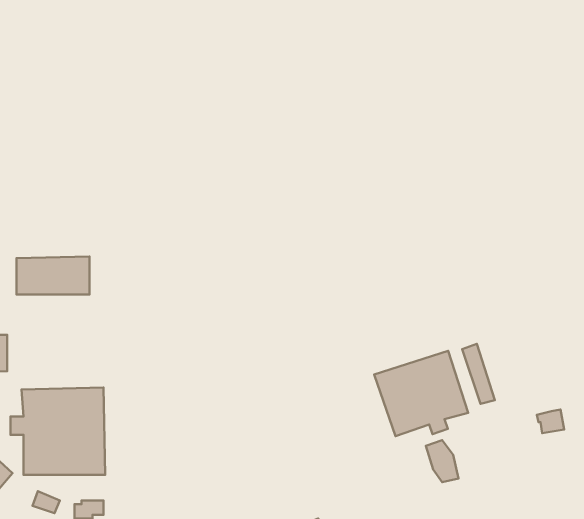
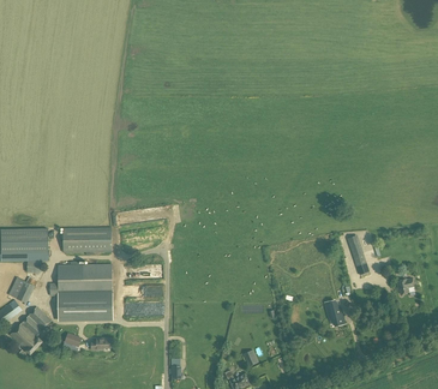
building: [17,256,89,295] -> [62,227,110,252]
building: [374,351,468,436] -> none

